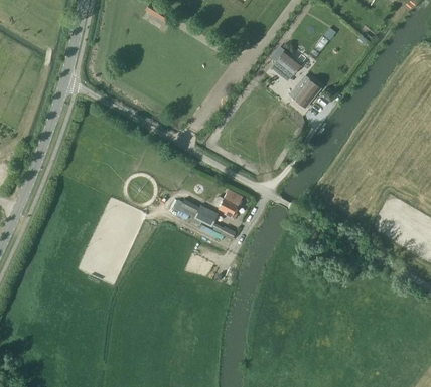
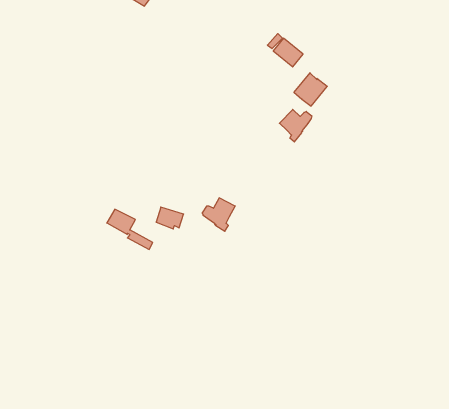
building: none -> [279,109,312,142]
building: [192,204,233,239] -> [107,209,153,249]

